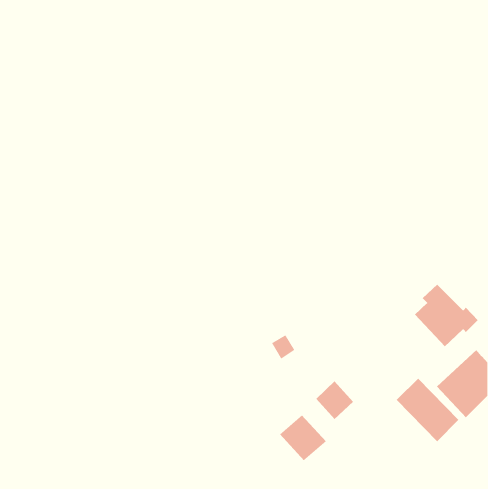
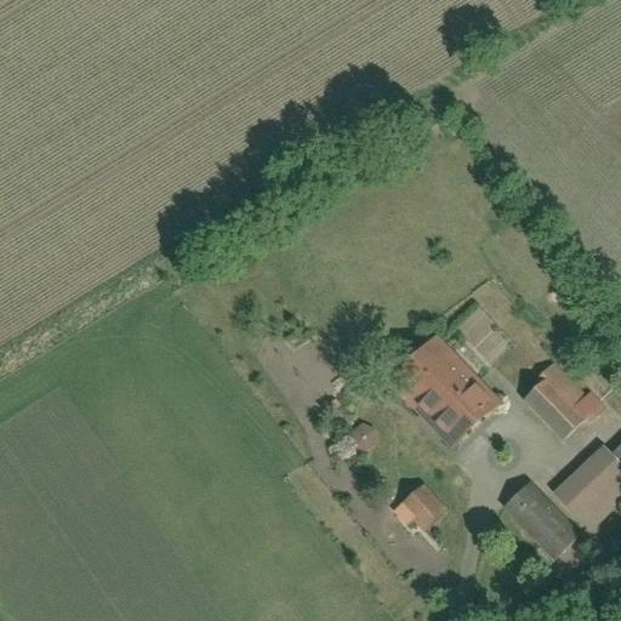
building: none -> [384,331,502,449]
building: [279,414,327,461] -> none

